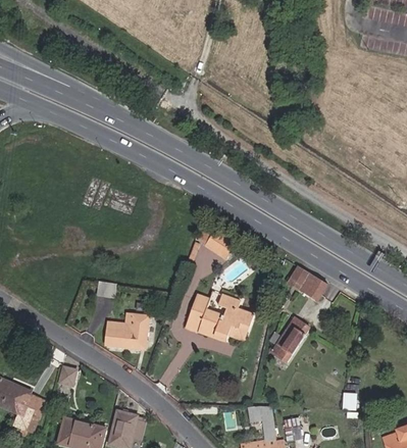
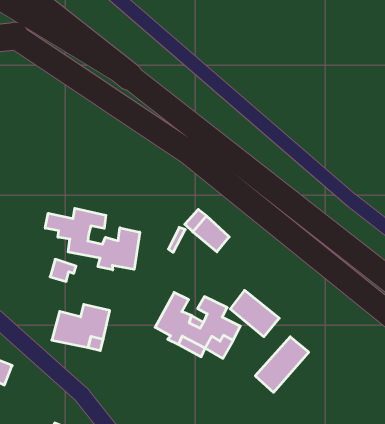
building: none -> [45,208,140,270]
building: [288,265,327,300] -> [230,290,279,337]

